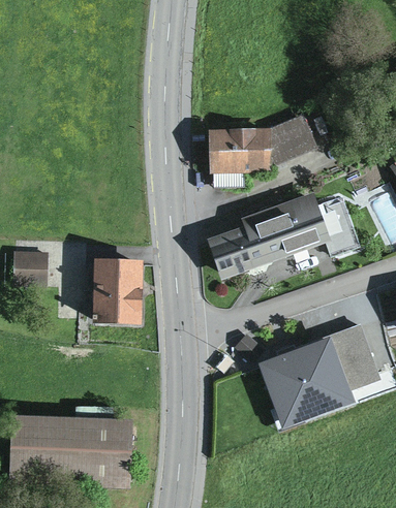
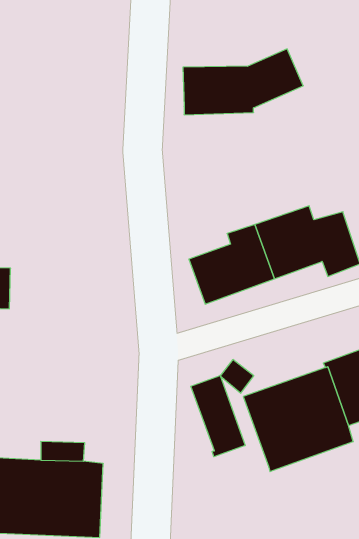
building: [209,114,316,172] -> [183,49,303,115]
building: [84,260,143,325] -> none
building: none -> [191,375,245,457]

